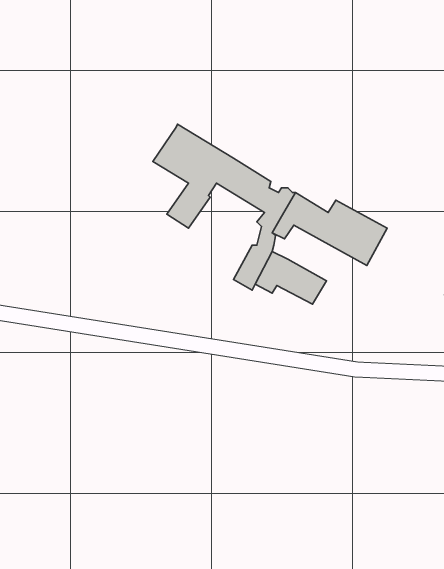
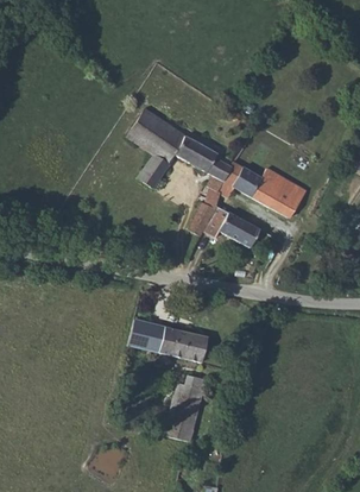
building: none -> [130,317,207,361]
building: none -> [164,373,209,441]

